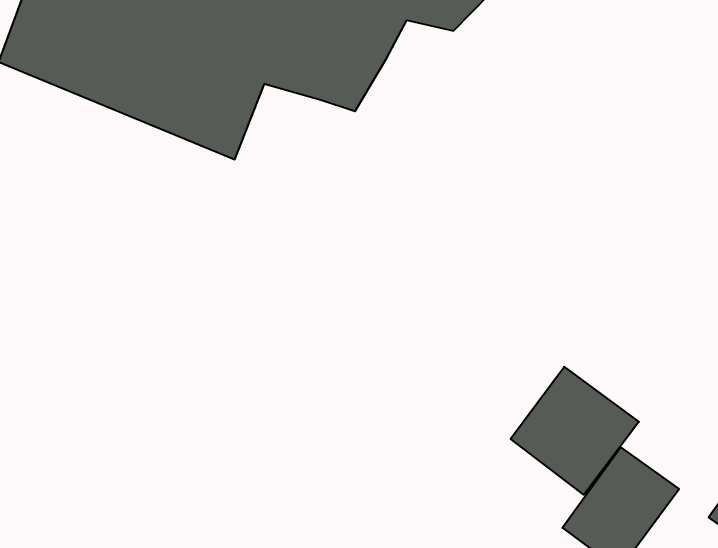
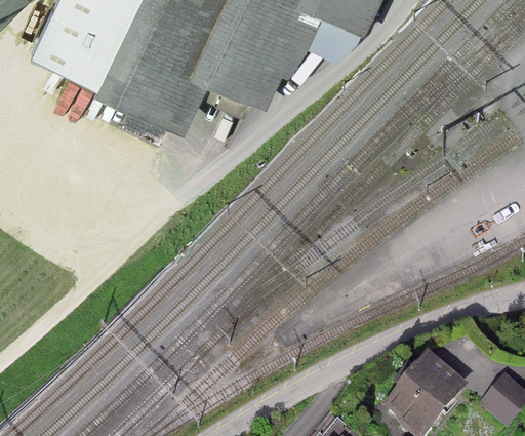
building: [511,367,639,495] -> none

